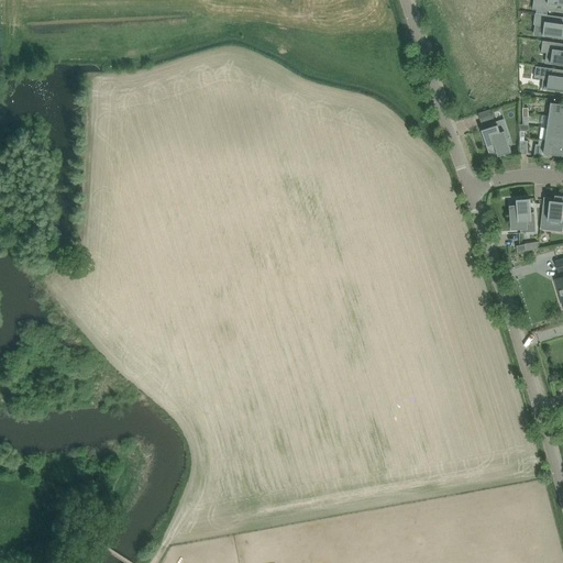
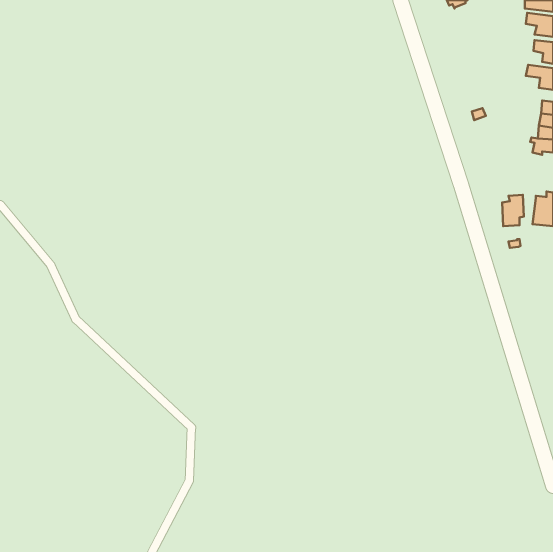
building: [483,125,511,157] -> none

